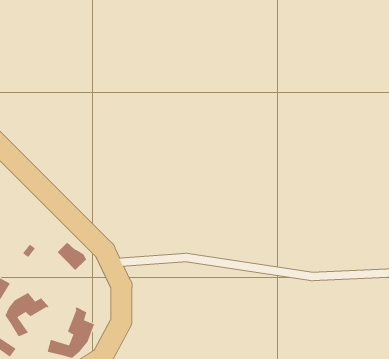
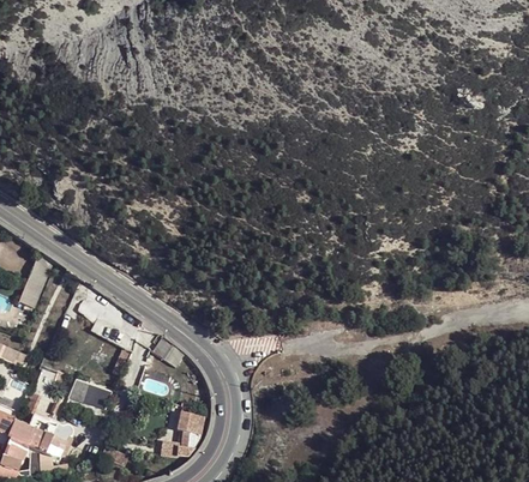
building: [5,292,50,337] -> none

